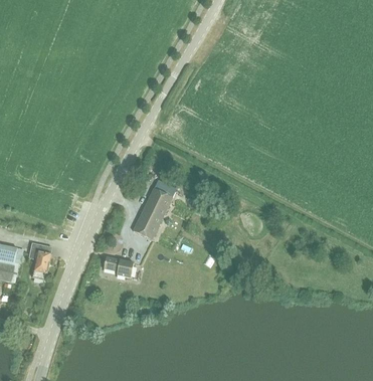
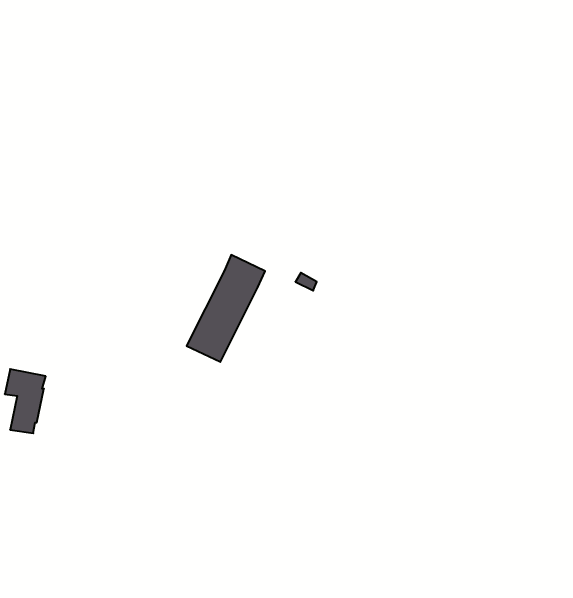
building: [104,255,134,275] -> none

